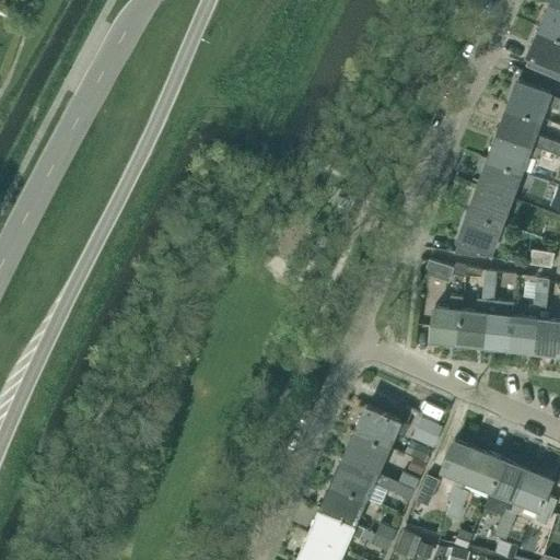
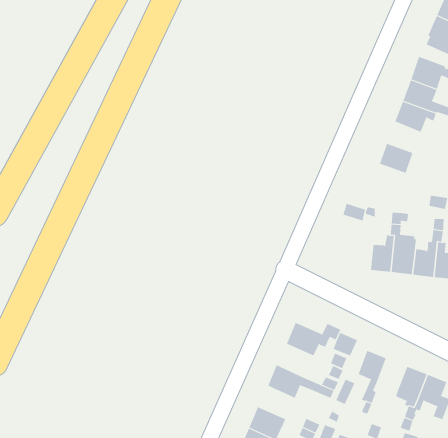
building: [478,162,521,200] -> none
building: [455,213,506,257] -> none
building: [431,296,463,343] -> none
building: [343,433,389,475] -> none
building: [467,451,503,490] -> none
building: [320,485,366,525] -> none

